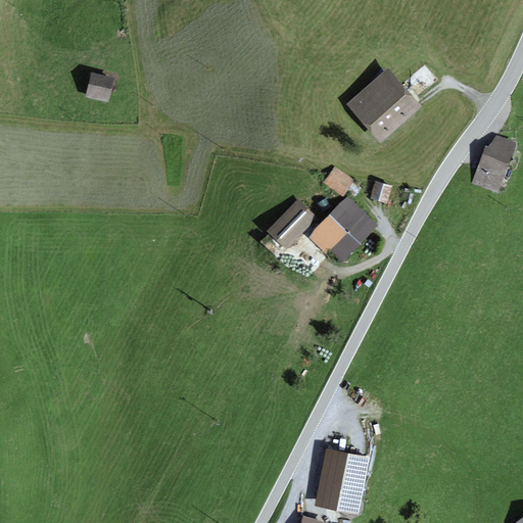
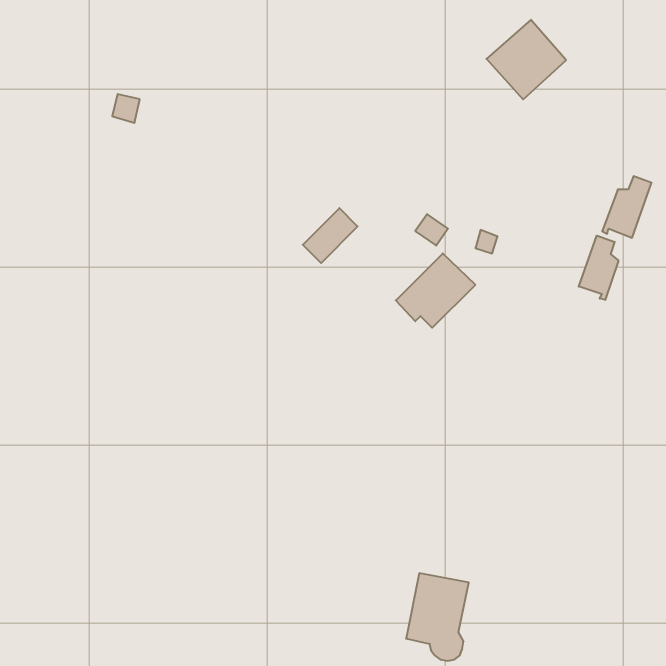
building: [351,72,414,134] -> [486,20,566,99]
building: none -> [579,236,618,300]
building: [270,201,313,244] -> [303,208,358,263]

